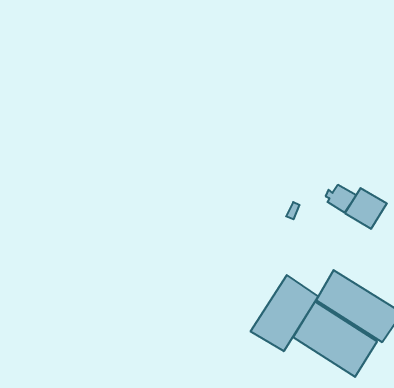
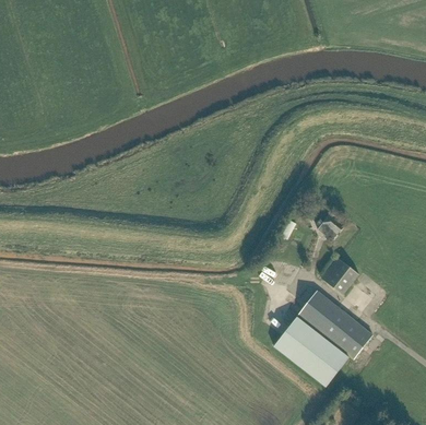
building: [345,188,387,229] -> [320,257,358,294]
building: [251,275,318,351] -> none

